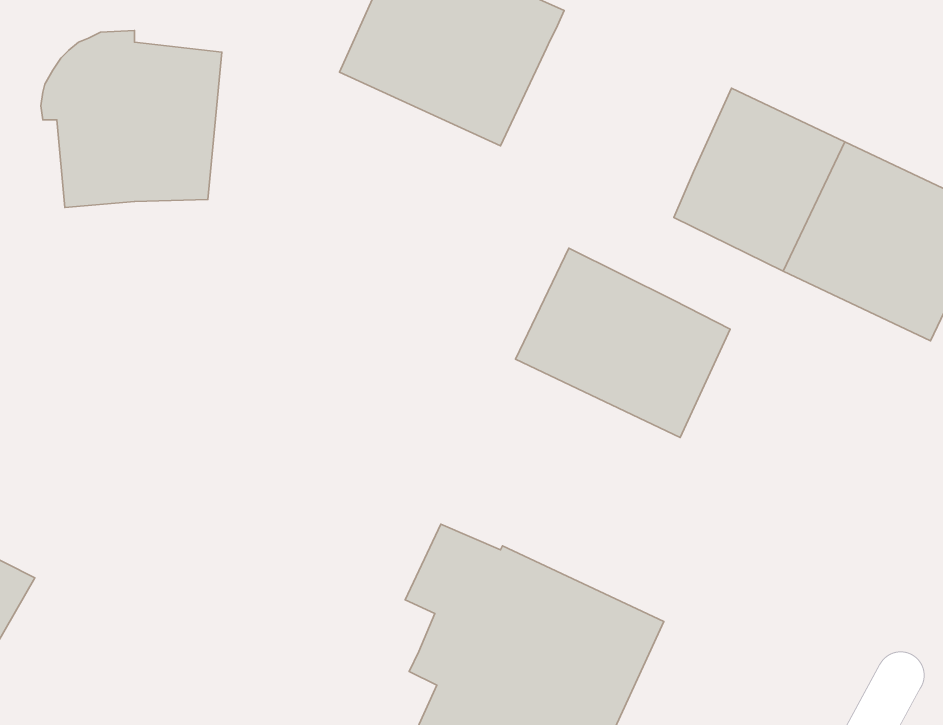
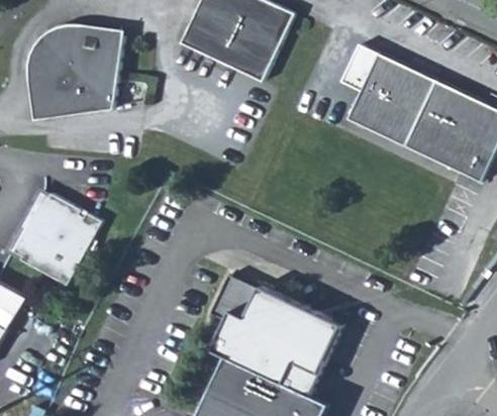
building: none -> [338,43,378,95]
building: [515,248,730,438] -> none
building: none -> [12,194,103,287]

